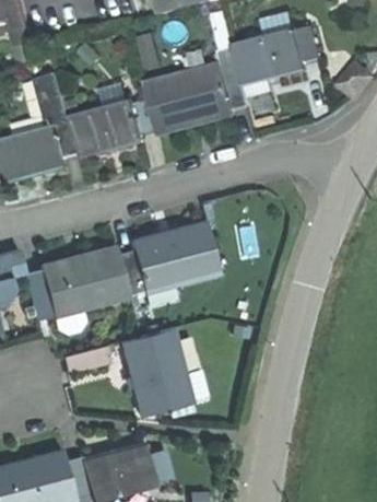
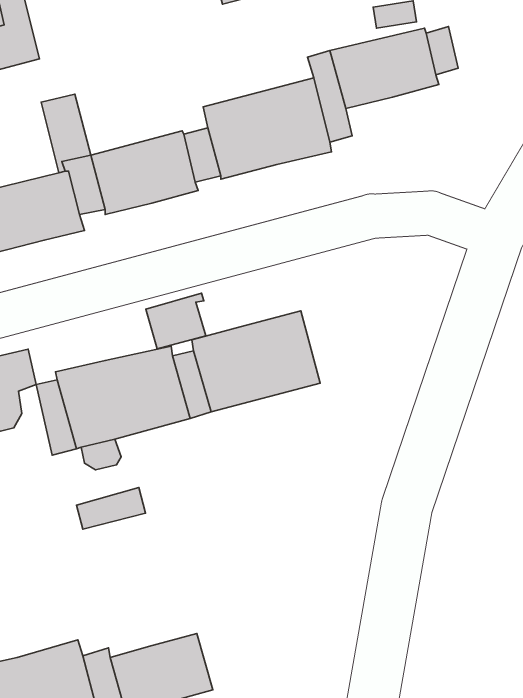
building: none -> [146,293,206,349]
building: [122,328,193,417] -> none

